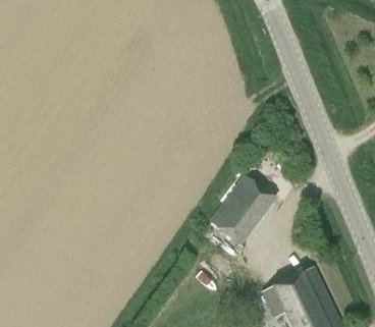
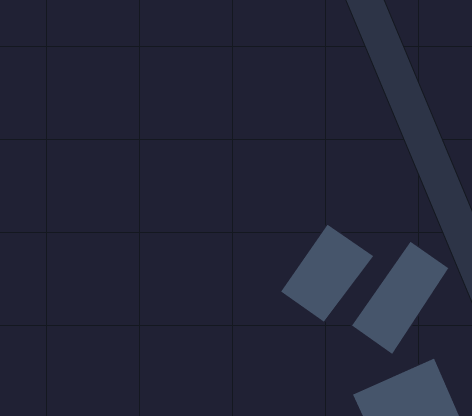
building: none -> [351,241,449,355]

